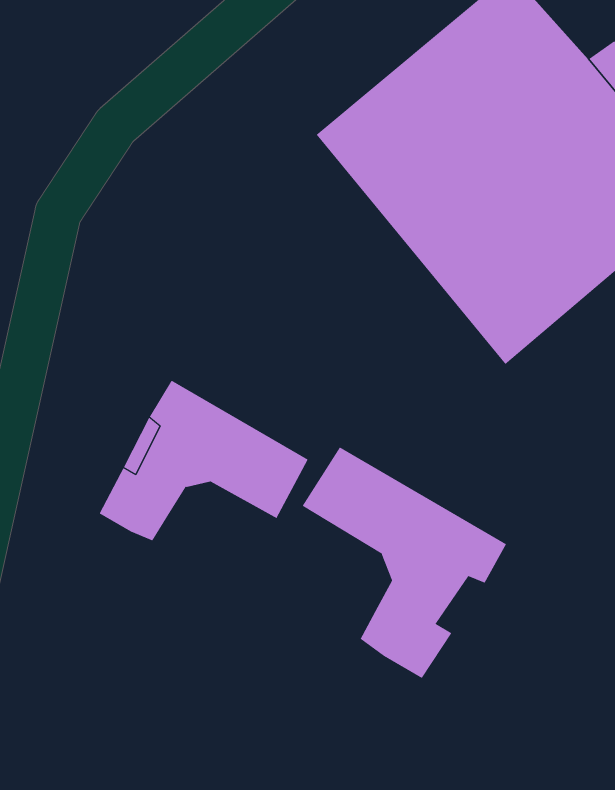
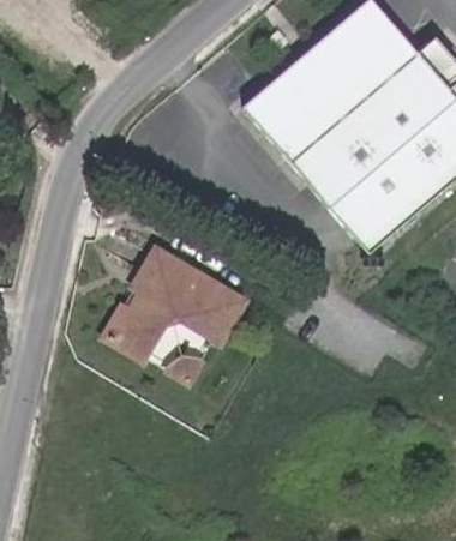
building: [302,447,507,679] -> none

